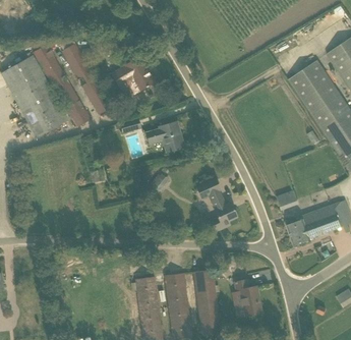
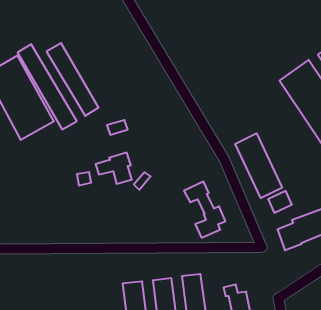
building: [112,58,154,91] -> none
building: [145,122,181,153] -> [96,153,132,184]
building: none -> [235,133,282,198]

